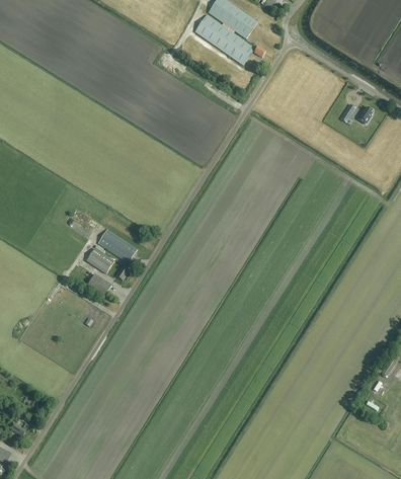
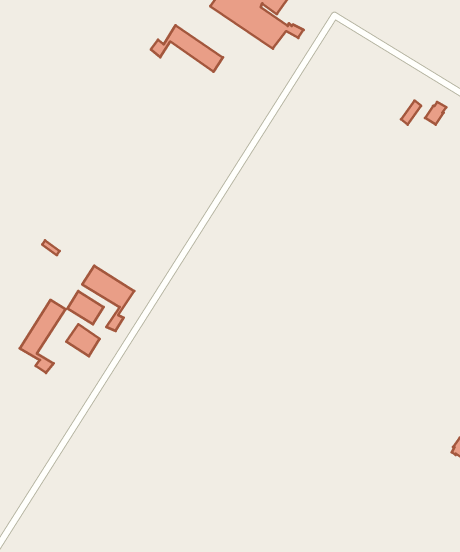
building: none -> [151,25,223,72]
building: none -> [20,300,66,373]

